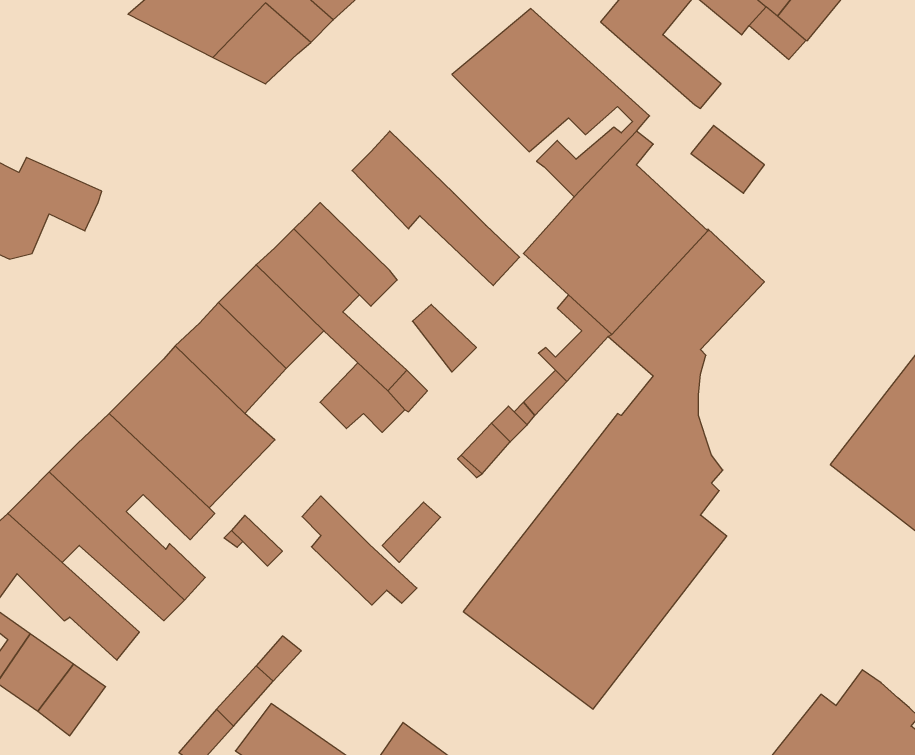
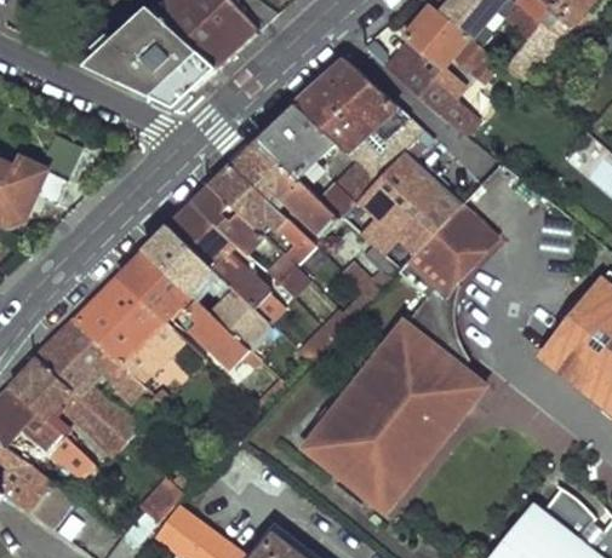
building: none -> [254,103,333,179]
building: none -> [316,162,373,220]
building: none -> [210,165,314,261]
building: [302,496,417,605] -> [183,299,257,369]

